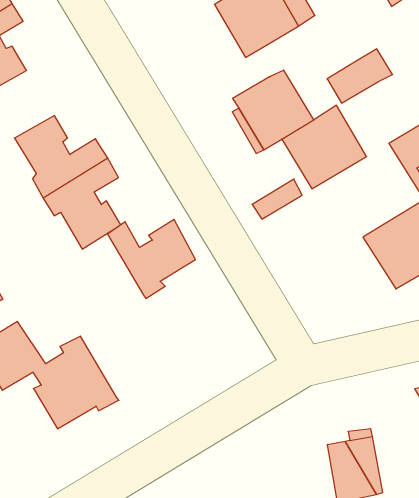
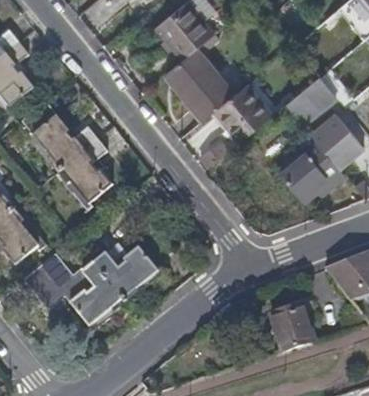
building: [327,49,393,103] -> [163,47,207,87]
building: [107,220,195,298] -> [94,246,156,302]

